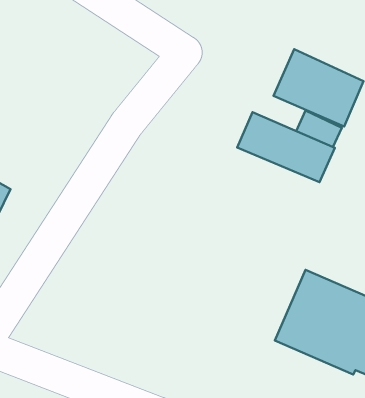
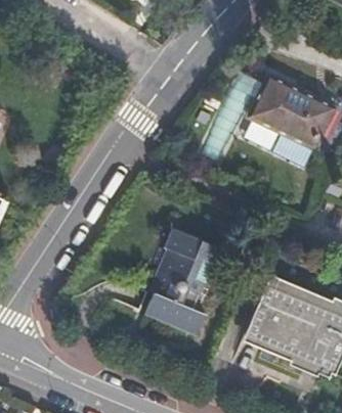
building: [237,112,335,182] -> none
building: none -> [147,226,227,331]

